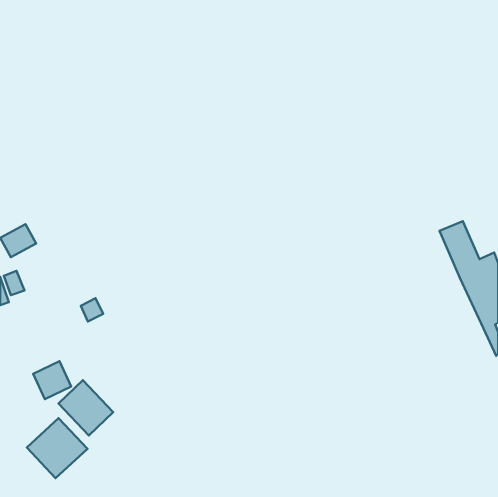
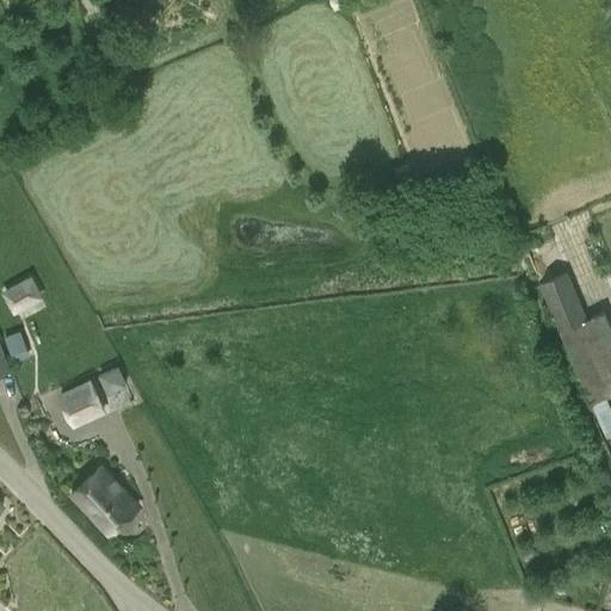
building: [33,361,71,399] -> [58,382,105,428]
building: [27,418,87,478] -> none

